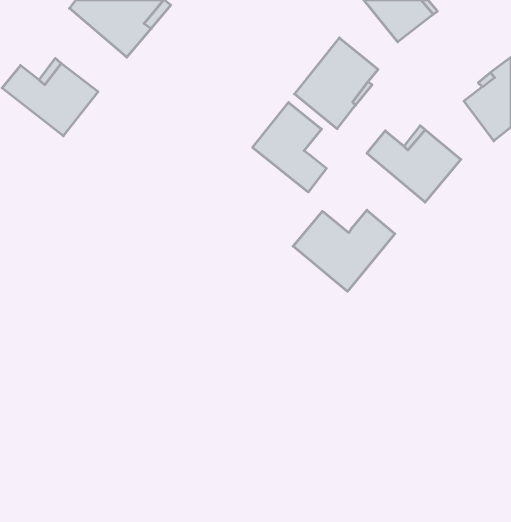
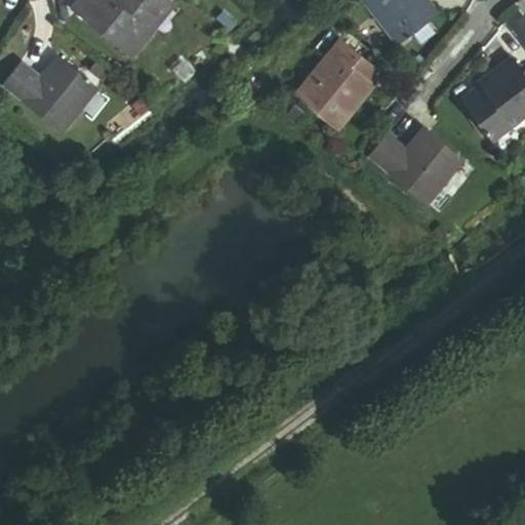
building: [253,102,326,192] -> none
building: [293,210,395,291] -> none

